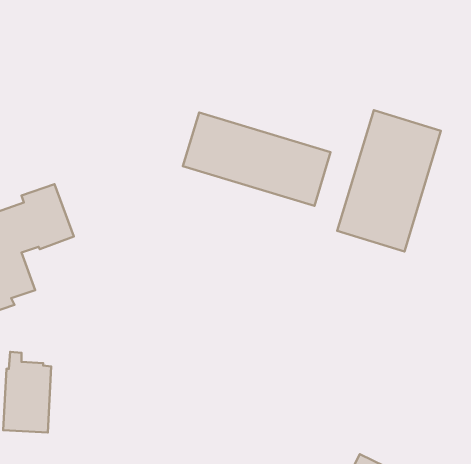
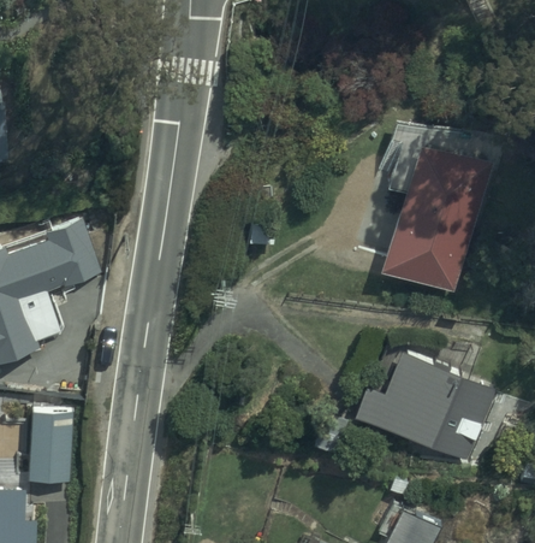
building: [183,112,331,206] -> none
building: none -> [353,352,483,449]

